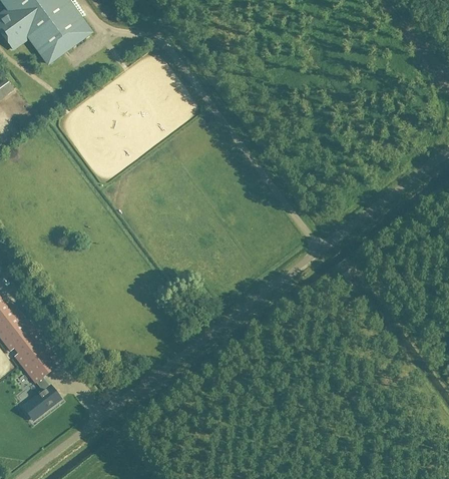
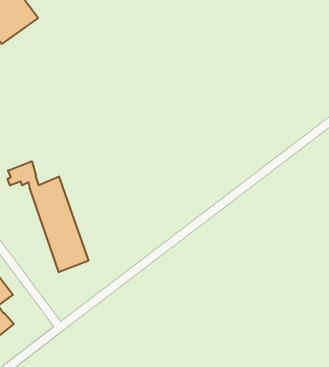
building: none -> [7,161,88,272]

